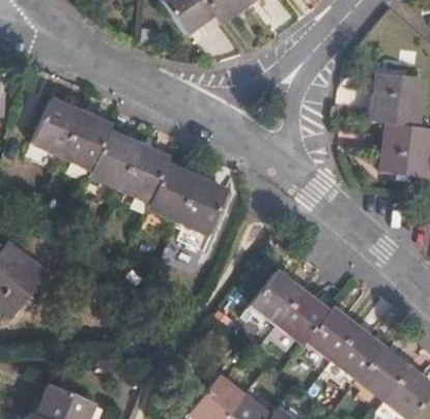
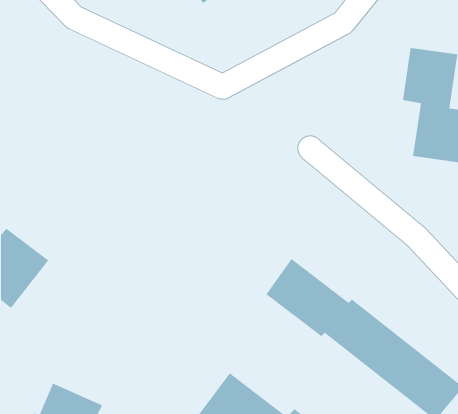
building: [30,97,225,231] -> none

